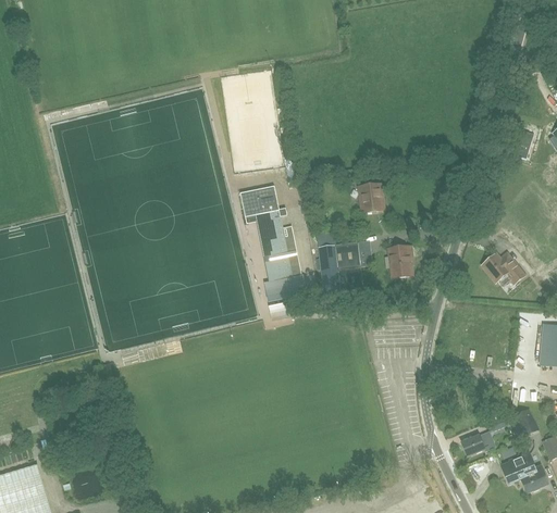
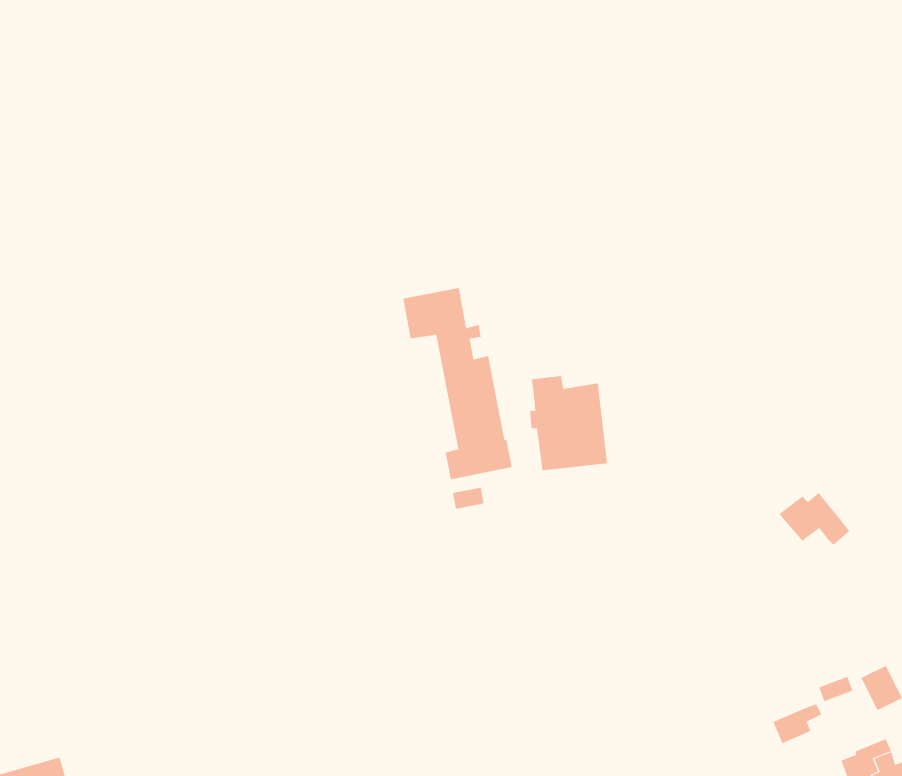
building: [358,184,383,212] -> none
building: [388,246,411,277] -> none
building: [481,252,523,284] -> [779,492,850,545]

